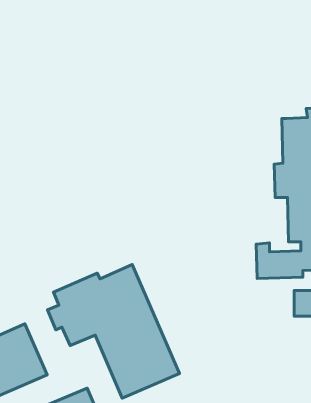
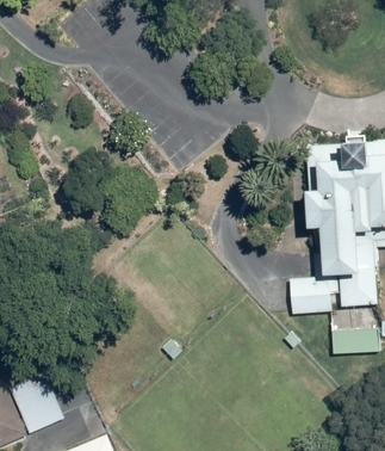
building: [48,265,179,398] -> none

